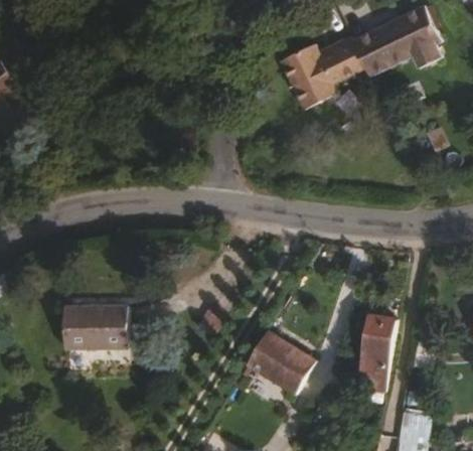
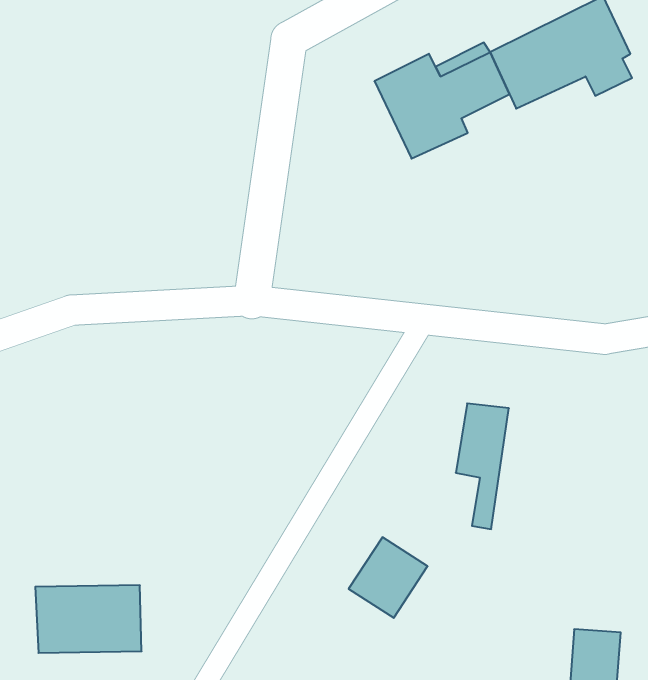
building: [67,309,134,351] -> [35,585,142,653]
building: [360,315,393,394] -> [456,403,509,529]
building: [240,334,280,379] -> none

